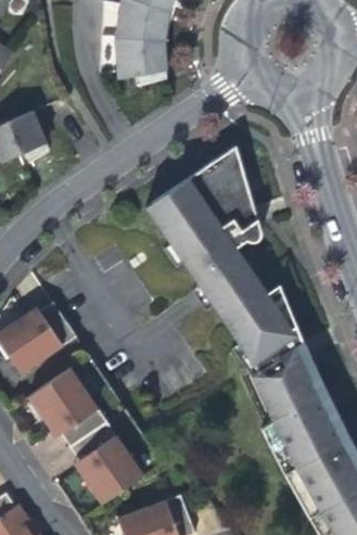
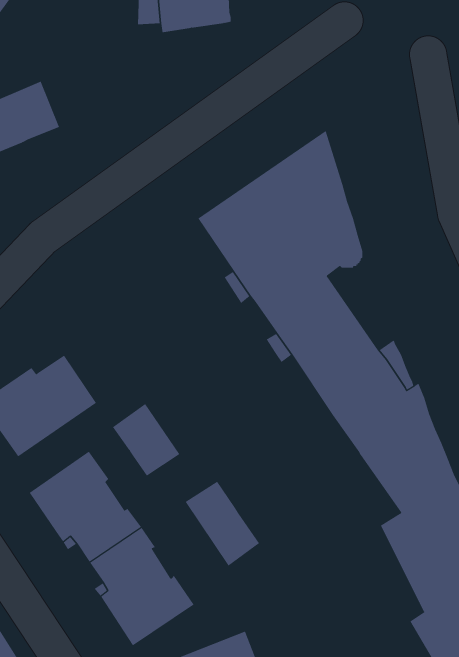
building: none -> [112,403,180,476]
building: none -> [185,481,260,566]

